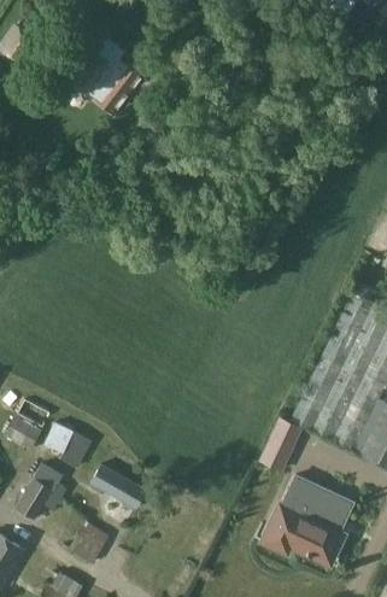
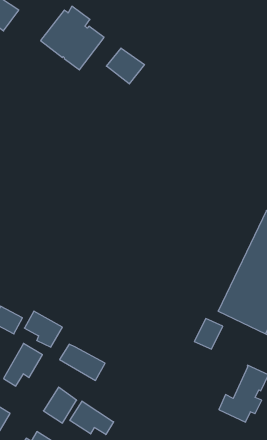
building: none -> [106,48,144,84]
building: [268,476,328,555] -> none
building: none -> [70,401,114,435]

